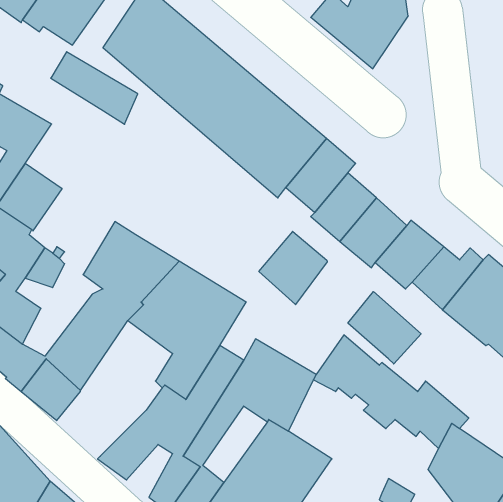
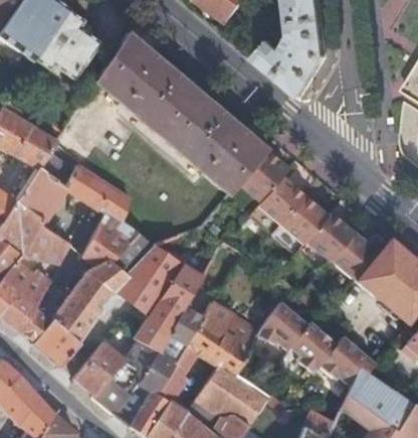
building: [51,52,138,124] -> [65,169,132,225]
building: [259,231,327,305] -> none
building: [348,292,421,364] -> none
building: none -> [74,343,128,394]

